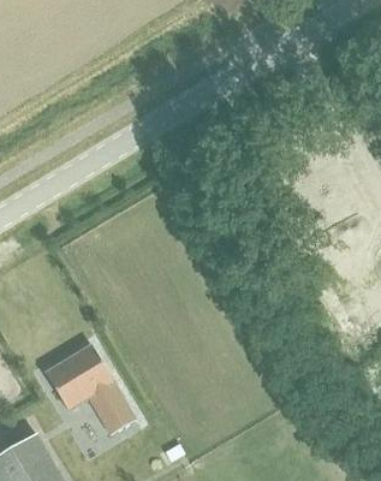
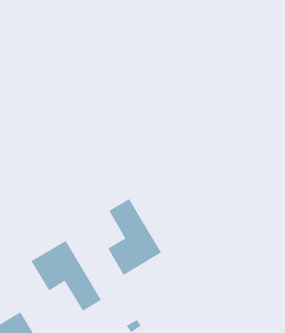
building: none -> [107,198,162,276]

